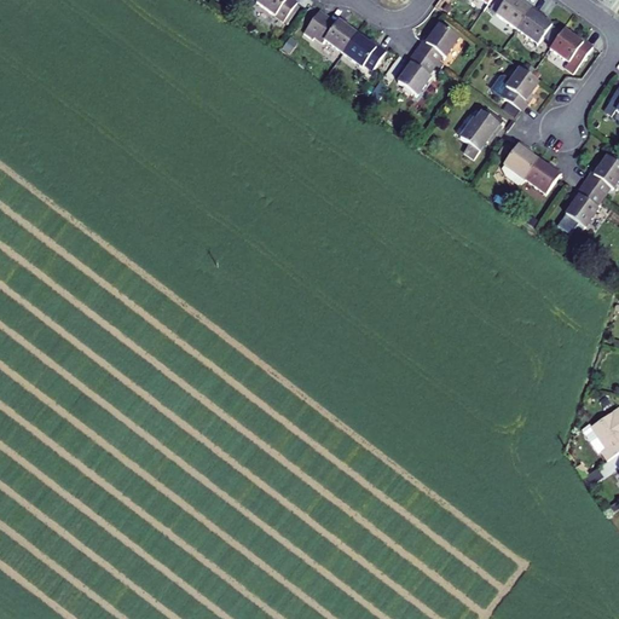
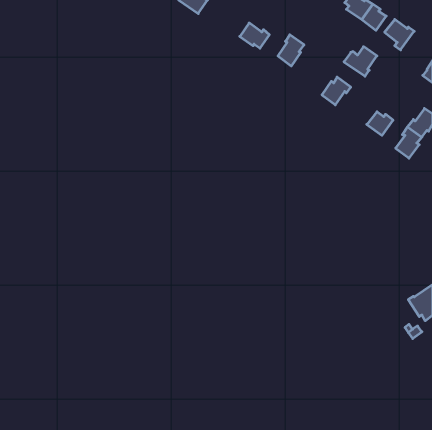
building: [305,10,357,52] -> none
building: [415,22,459,64] -> none
building: [504,141,539,178] -> none

